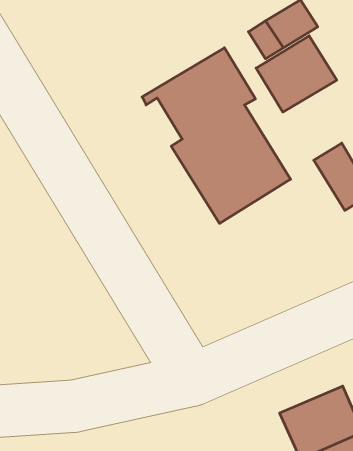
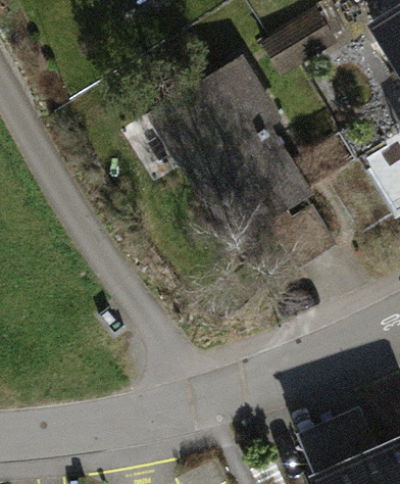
building: [256,36,337,112] -> none

